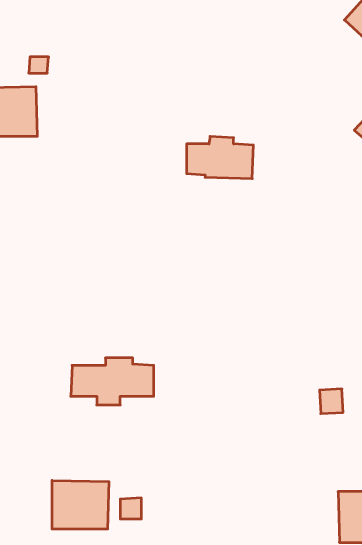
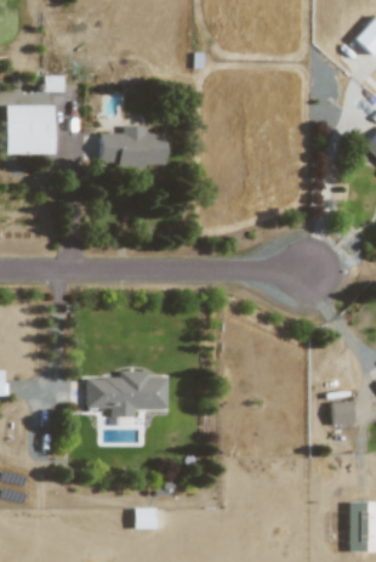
building: [187,136,253,179] -> [102,125,167,166]
building: [52,480,109,529] -> none

